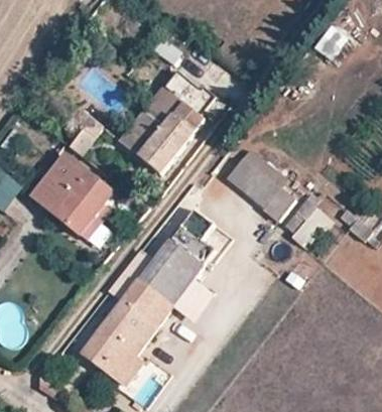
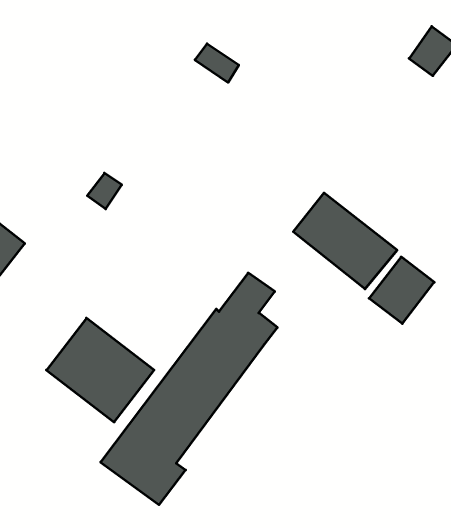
building: [120,72,215,177] -> none
building: [32,160,114,239] -> [46,318,154,422]

